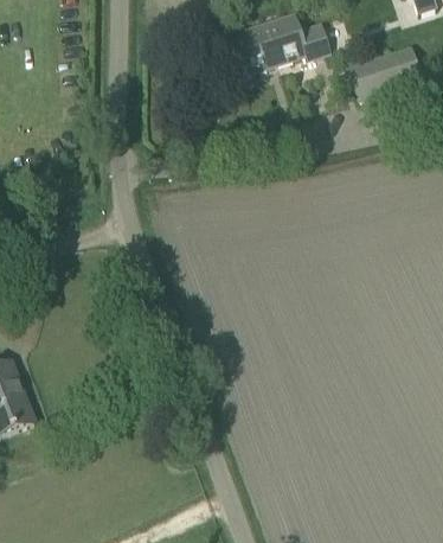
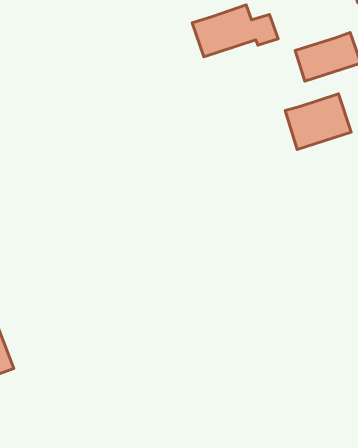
building: none -> [285,94,351,149]

